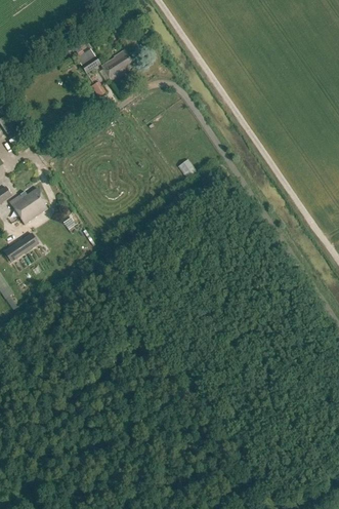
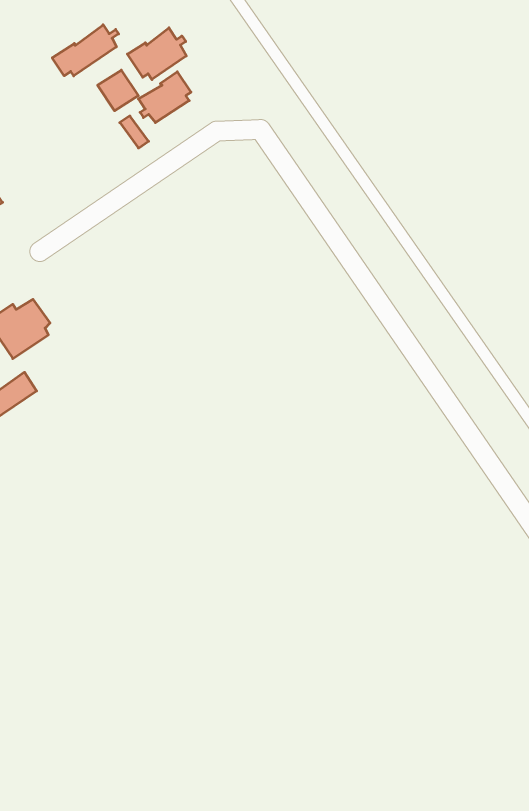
building: none -> [52,25,119,76]
building: none -> [127,28,186,80]

